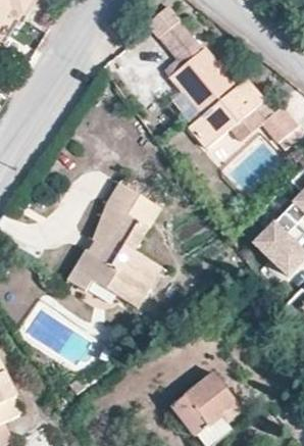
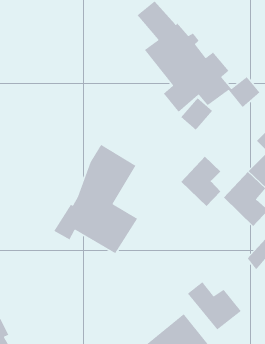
building: none -> [181,156,221,207]
building: none -> [187,281,242,330]

